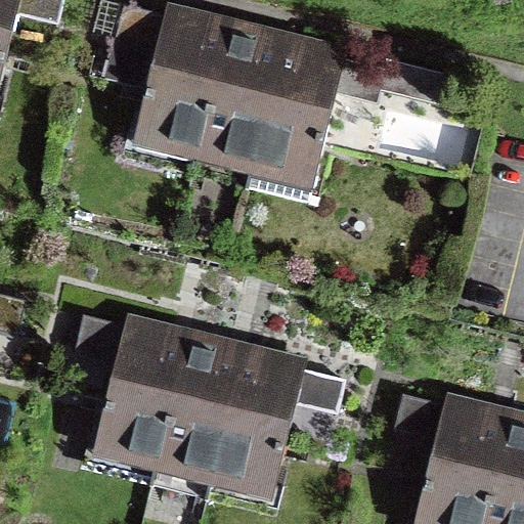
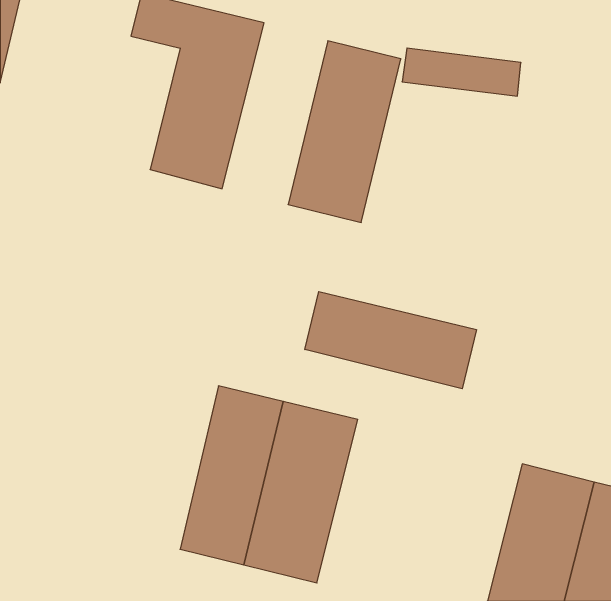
building: [191,19,281,174] -> none
building: none -> [305,292,476,389]
building: [76,304,188,468] -> none

